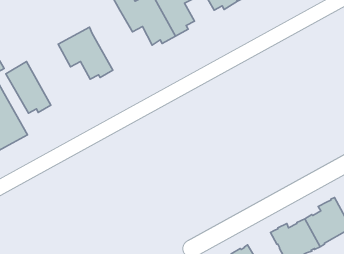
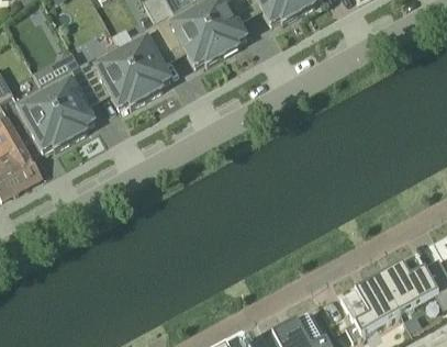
building: none -> [121,23,170,97]
building: none -> [41,65,94,139]

